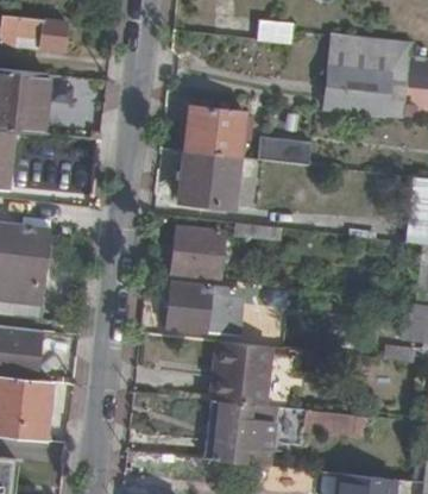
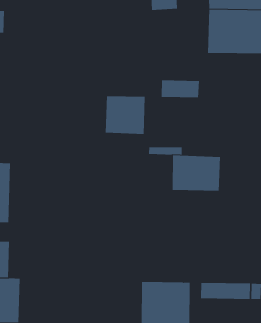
building: [185,106,243,156] -> none
building: [169,227,219,276] -> none
building: [165,282,234,336] -> [172,155,221,191]
building: [209,340,272,406] -> none

